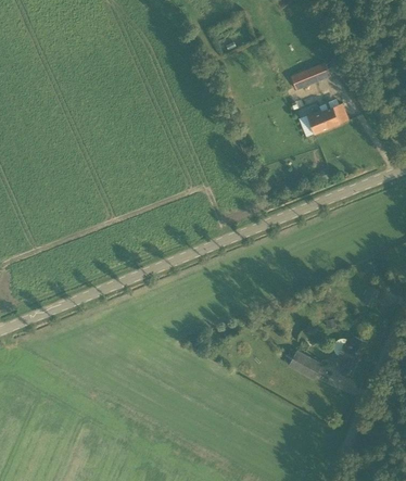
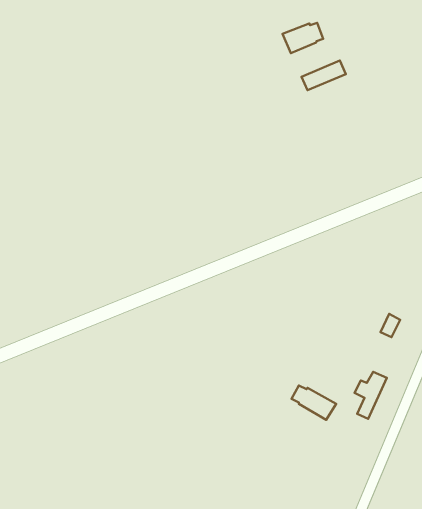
building: none -> [282,23,323,53]
building: [305,103,346,134] -> none

